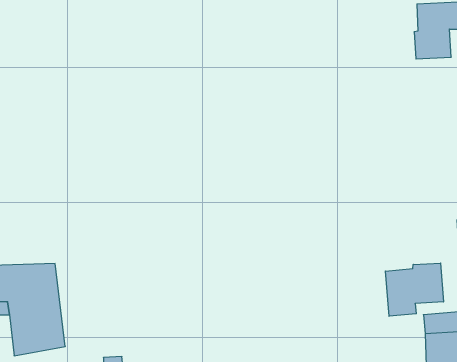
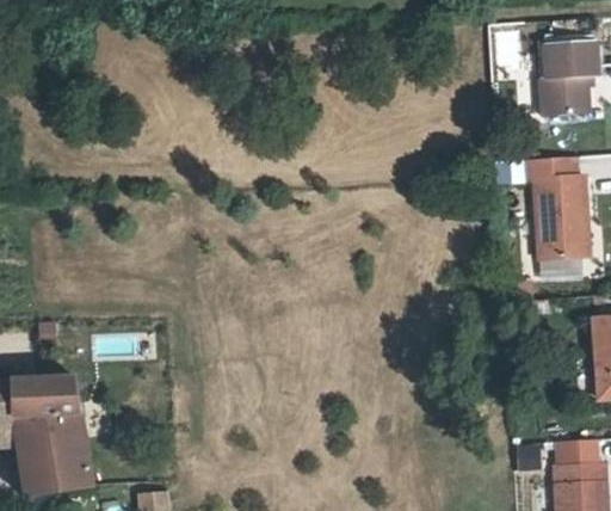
building: none -> [526,156,590,264]
building: [385,263,443,316] -> none

